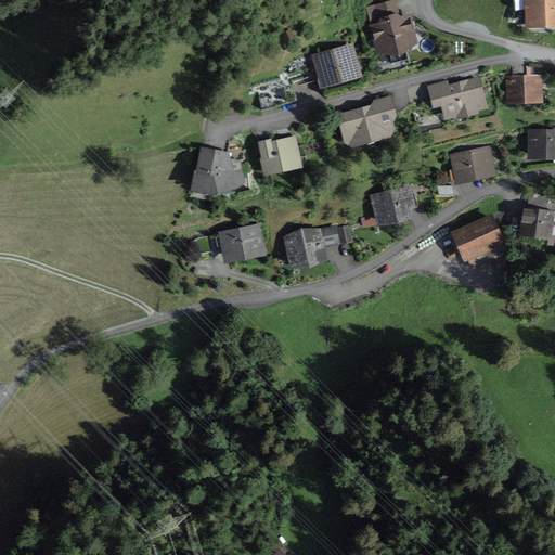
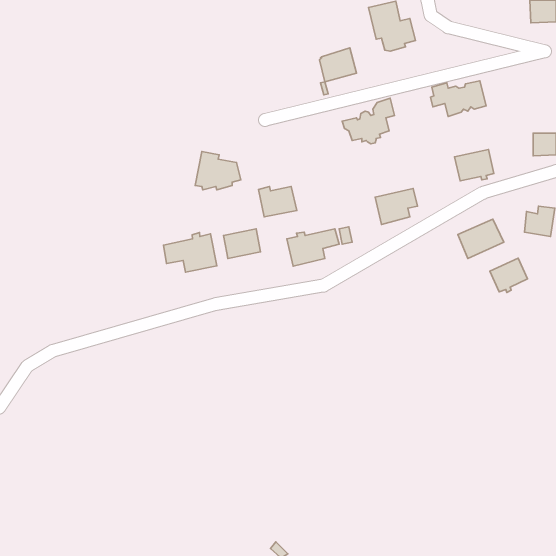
building: [506,67,541,103] -> none
building: [259,141,297,171] -> [259,186,297,217]
building: none -> [164,232,217,272]
building: none -> [490,258,528,292]

